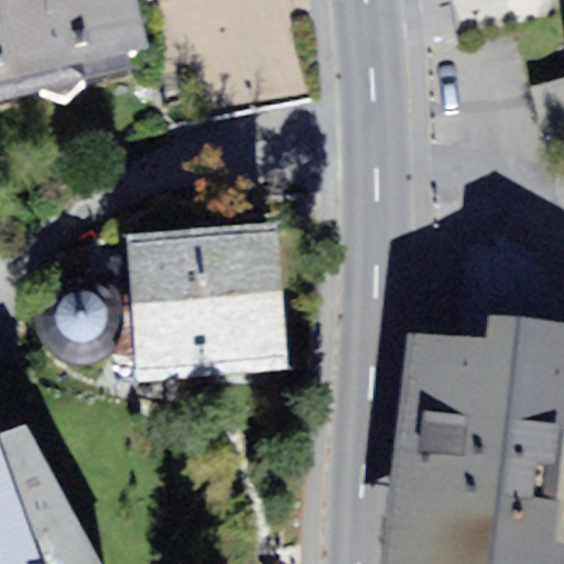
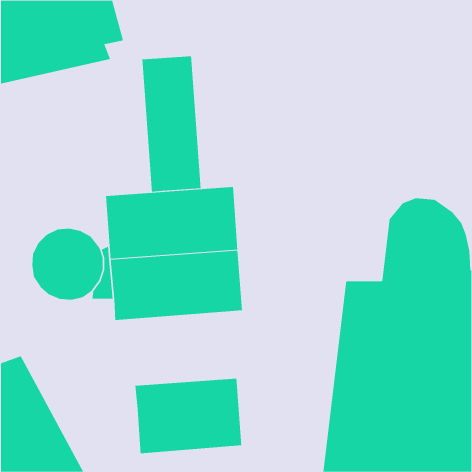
building: none -> [142,55,201,192]
building: none -> [135,378,242,454]

